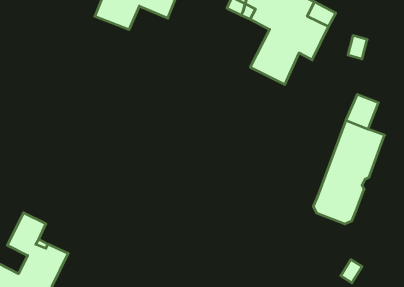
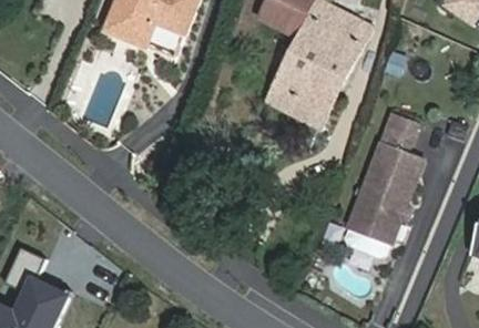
building: none -> [269,69,345,125]

